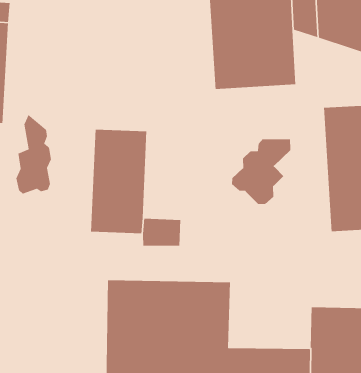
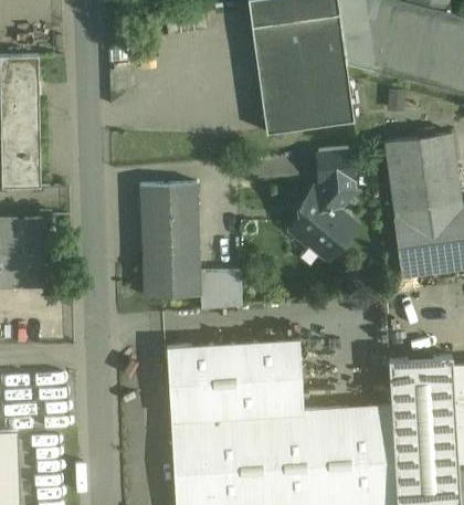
building: none -> [318,149,352,182]
building: [16,114,52,195] -> none

